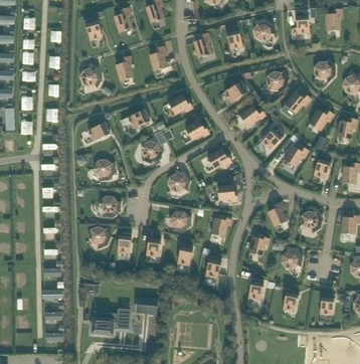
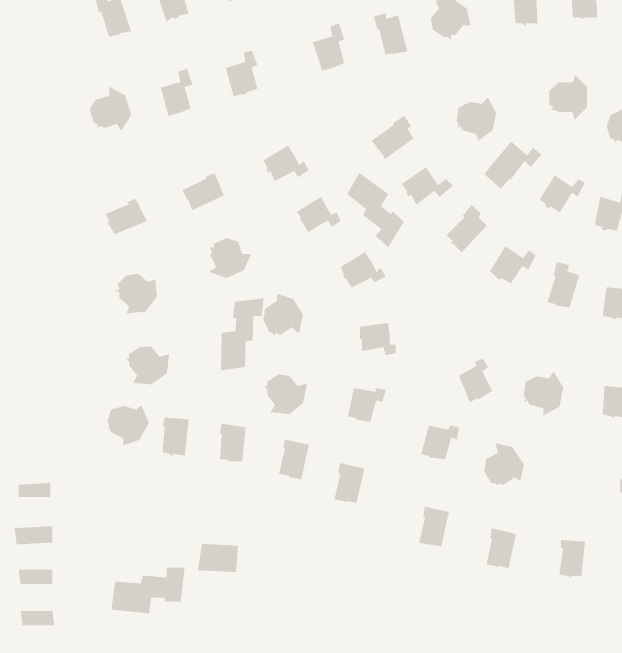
building: none -> [346,172,405,248]
building: none -> [220,297,265,371]

